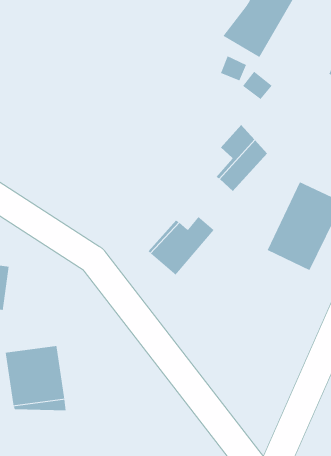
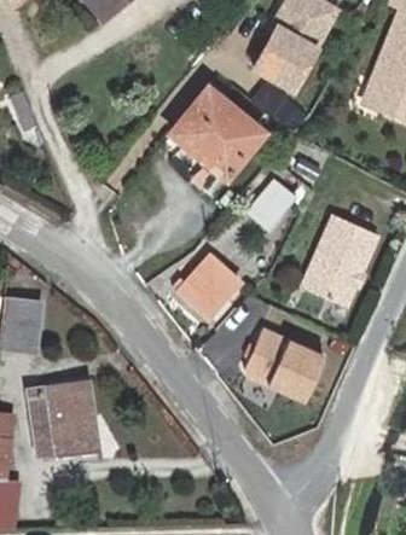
building: none -> [169,91,260,178]
building: none -> [246,331,325,402]

